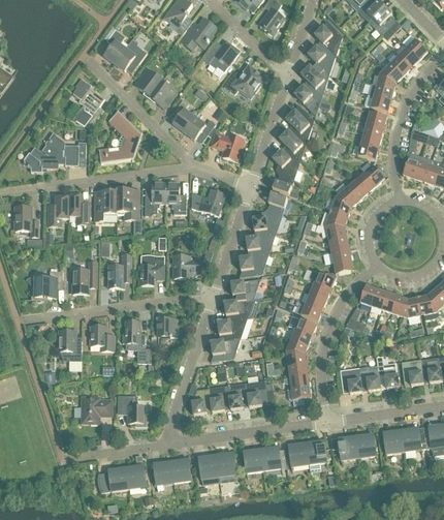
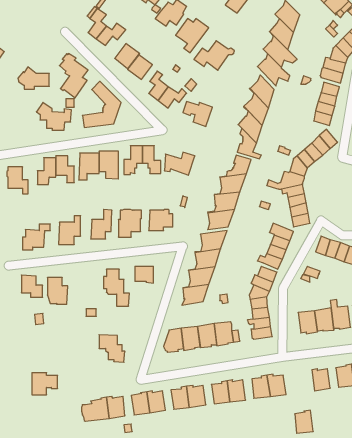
building: [23,146,58,171] -> [18,67,49,89]
building: [90,325,114,349] -> [21,275,43,297]
building: [82,396,110,421] -> [32,373,58,395]
building: [338,433,358,459] -> [295,410,313,433]

